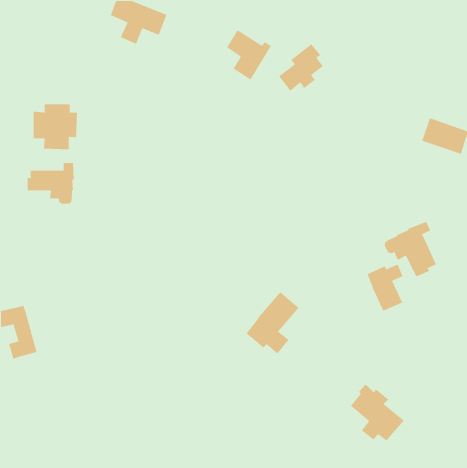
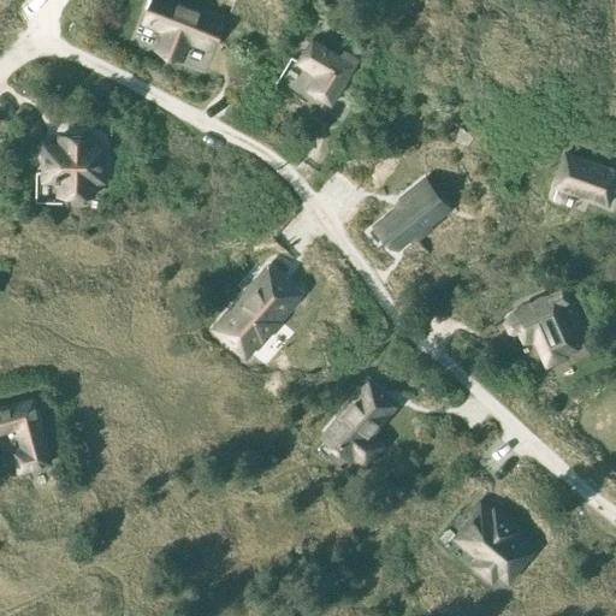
building: [278,42,324,92] -> [381,178,442,243]
building: [27,162,75,204] -> none
building: none -> [215,268,298,355]
building: [366,263,404,312] -> none

